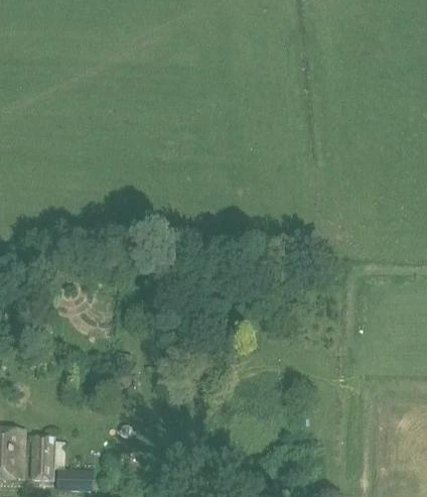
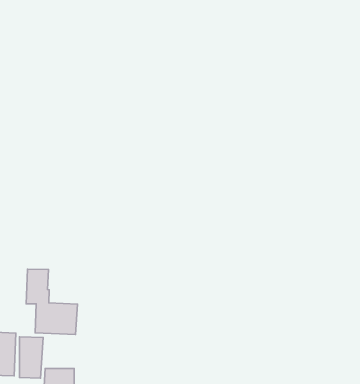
building: none -> [26,269,78,334]

